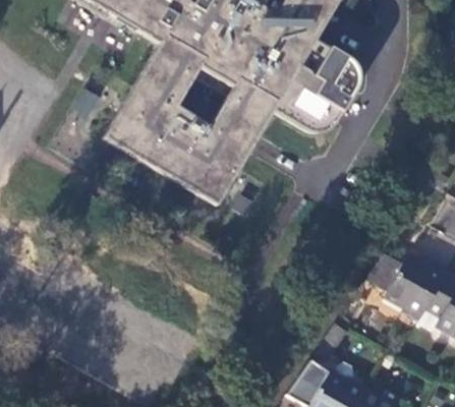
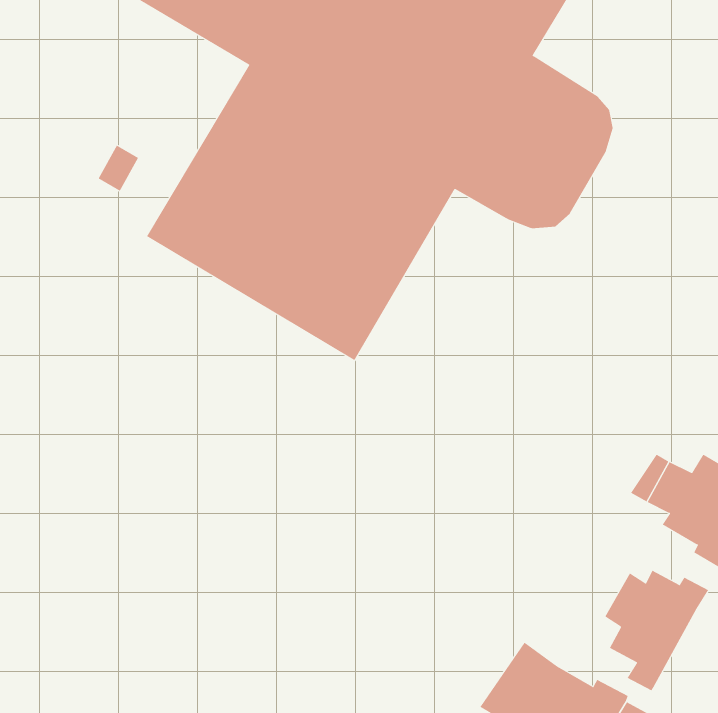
building: none -> [605,570,709,691]

